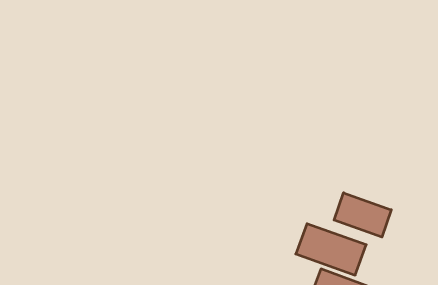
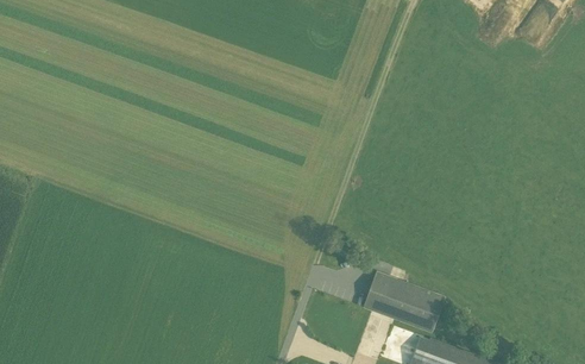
building: [334,193,391,237] -> none

